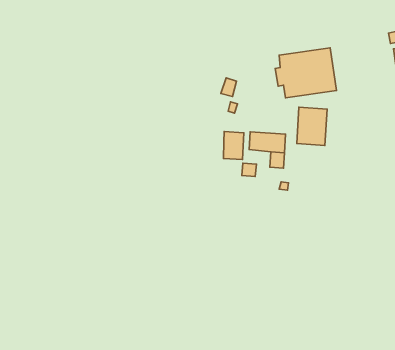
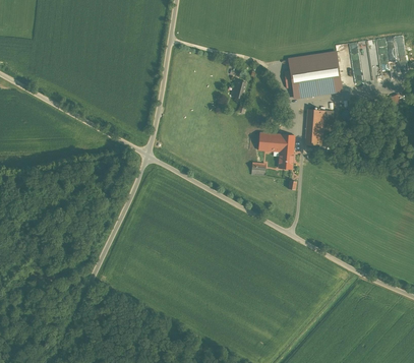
building: [224,131,244,160] -> none

